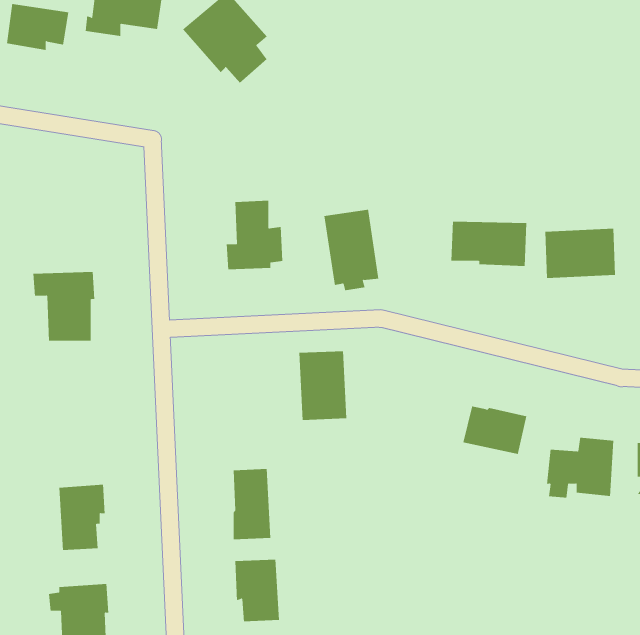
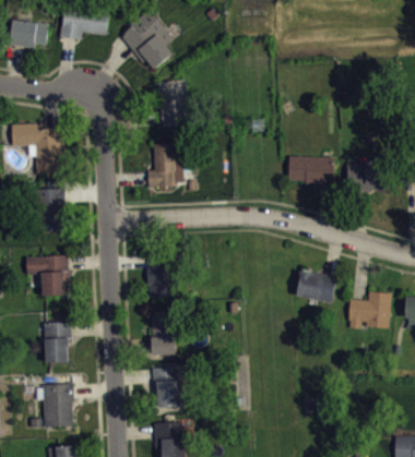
building: none -> [12,124,63,175]
building: [324,209,379,291] -> [156,80,191,131]
building: [298,351,347,420] -> [147,253,178,297]
building: none -> [26,255,69,297]

